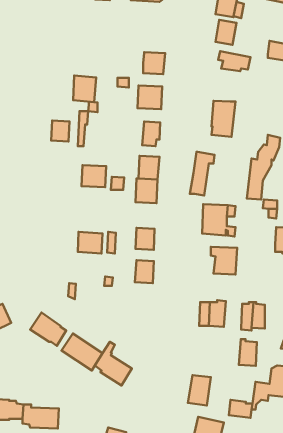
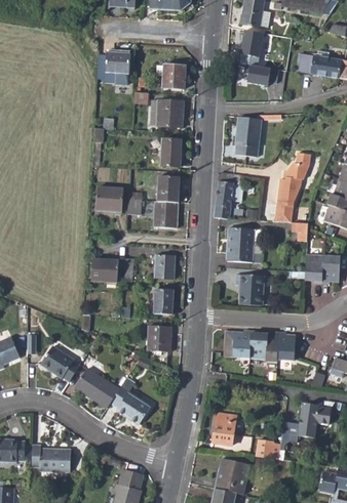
building: [73,76,96,102] -> [105,52,129,81]
building: [51,120,70,142] -> none
building: none -> [147,325,171,351]
building: [239,339,257,366] -> [249,333,269,362]

